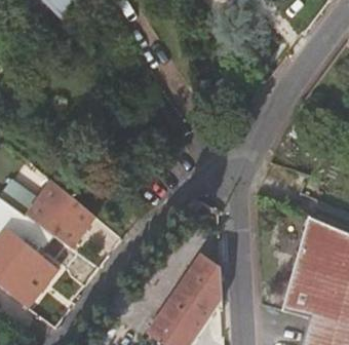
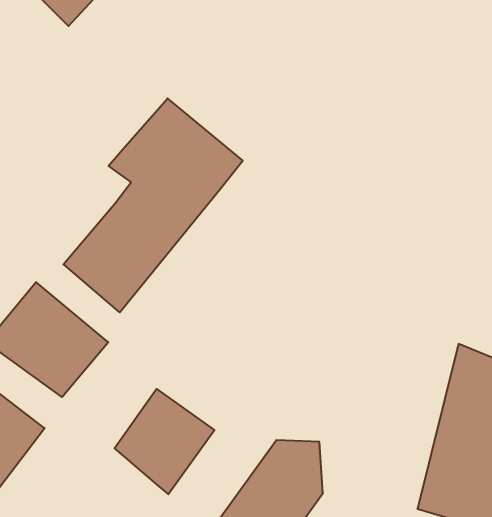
building: none -> [63,98,243,312]
building: none -> [115,389,214,494]

